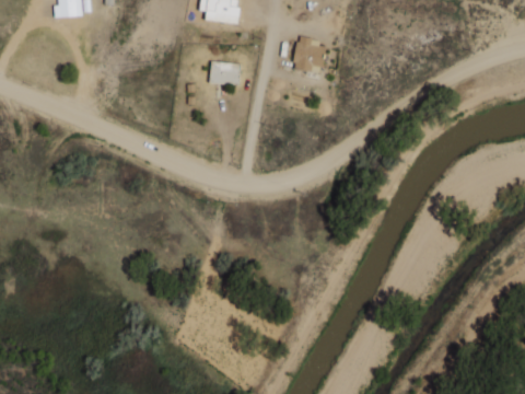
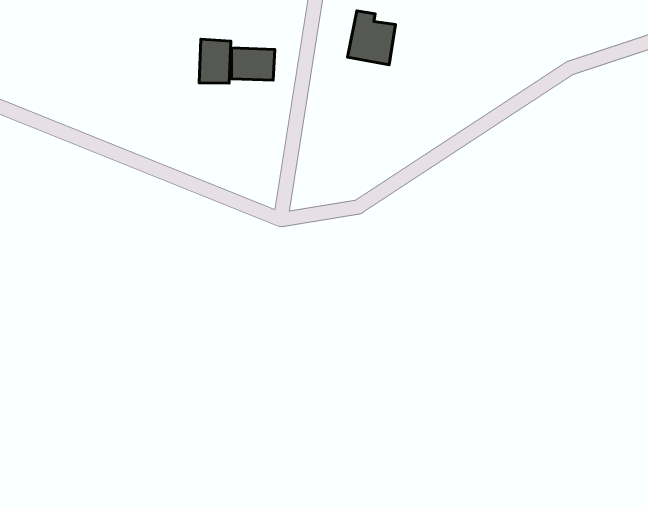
building: none -> [199,39,231,83]

